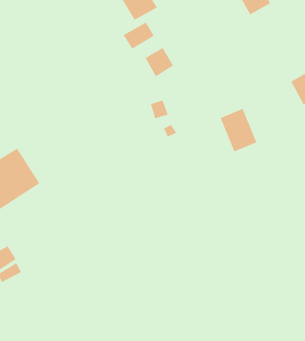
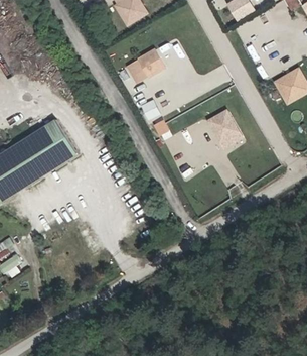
building: [123,22,155,49] -> none
building: none -> [17,120,76,177]

